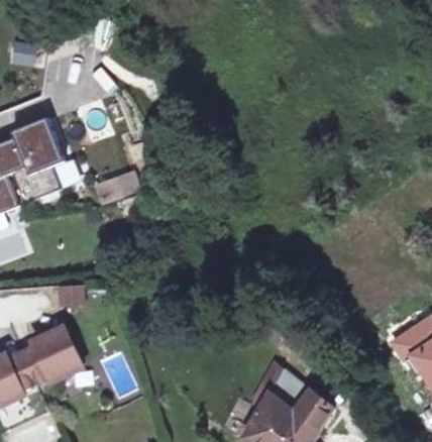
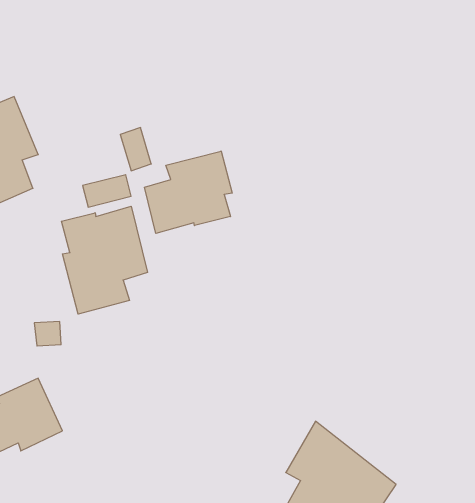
building: none -> [144,151,232,233]
building: none -> [61,206,148,314]

